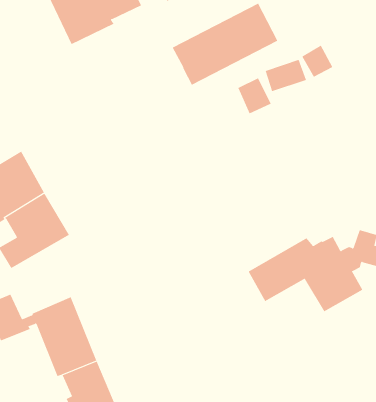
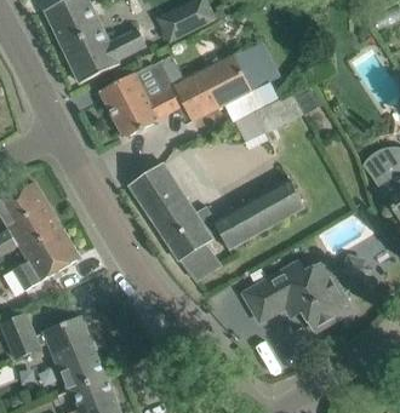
building: none -> [98,64,182,137]
building: none -> [128,162,303,281]

